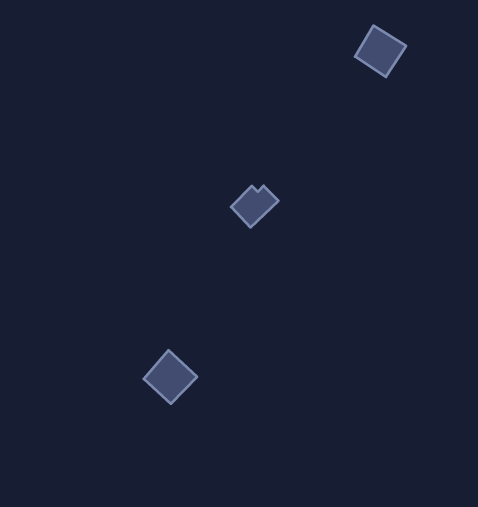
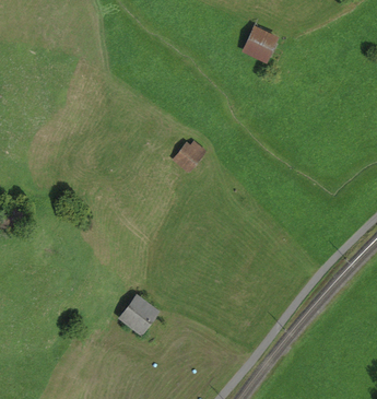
building: [144,350,197,404] -> [121,296,156,331]

